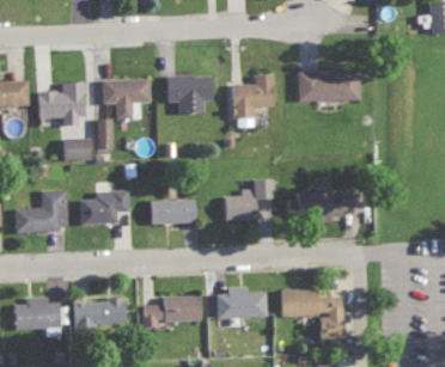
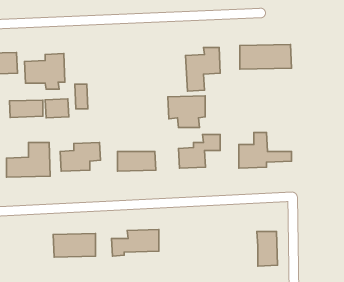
building: [166,75,212,114] -> [168,96,205,128]
building: [103,79,150,121] -> none
building: none -> [9,100,43,117]
building: [217,287,267,319] -> none
building: [280,290,317,318] -> none
building: [14,298,61,330] -> none

